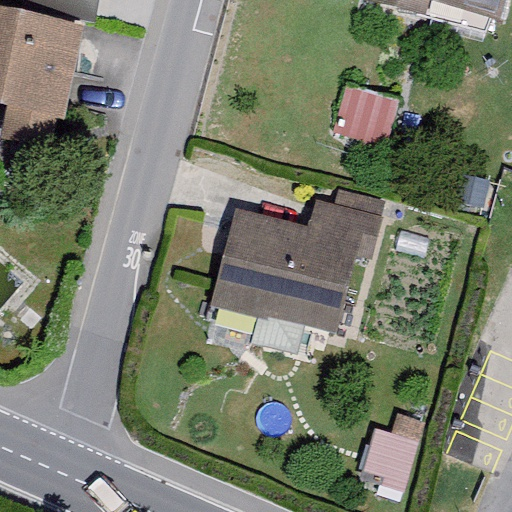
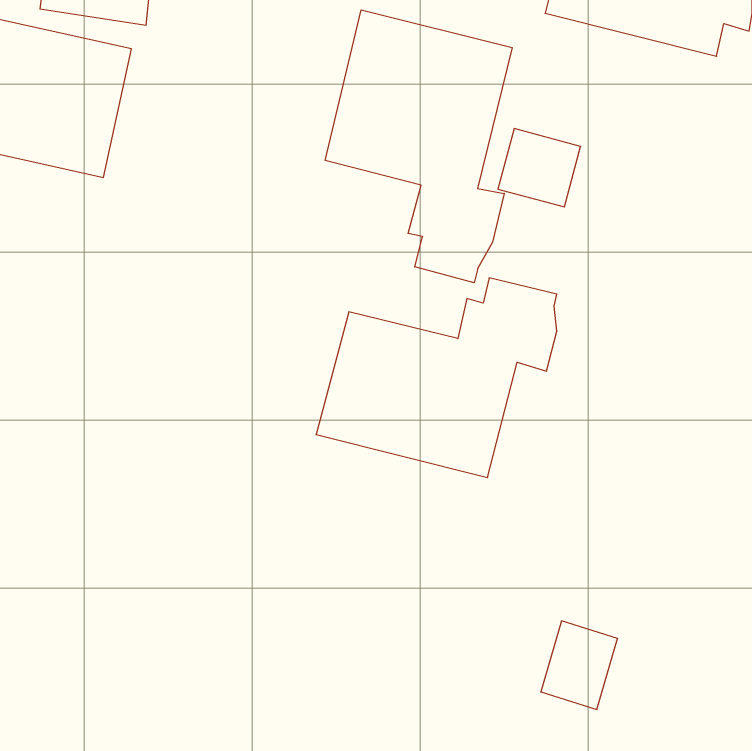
building: none -> [325,10,512,283]

